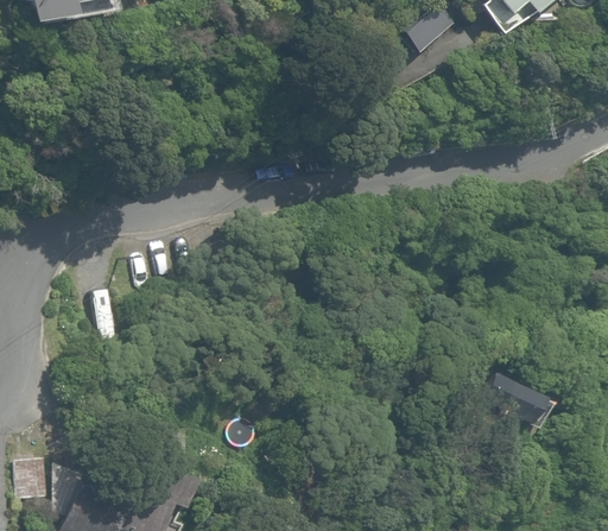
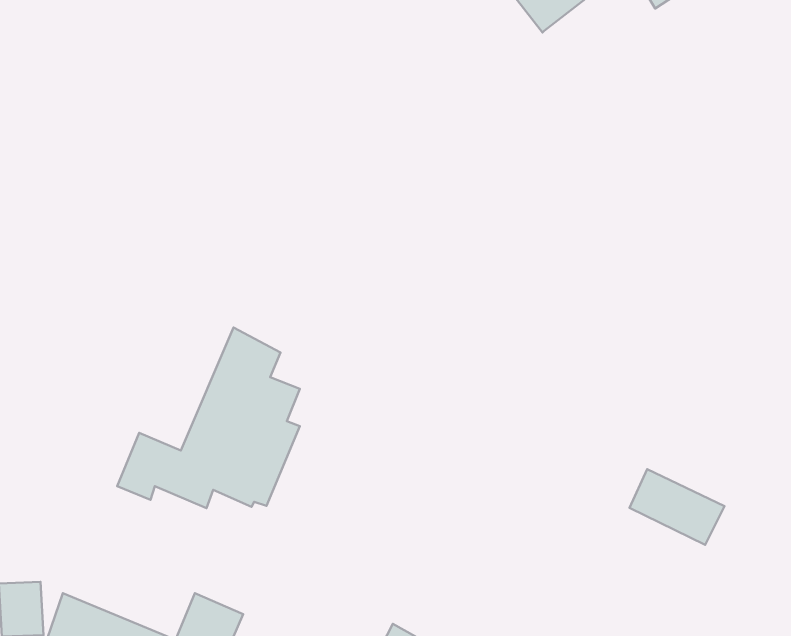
building: none -> [117,328,300,508]

